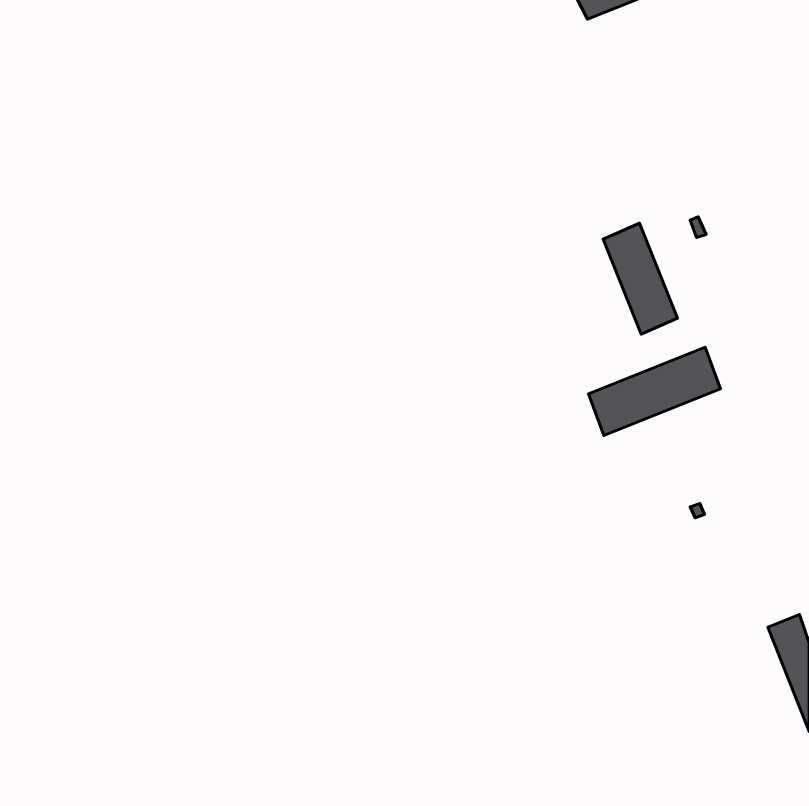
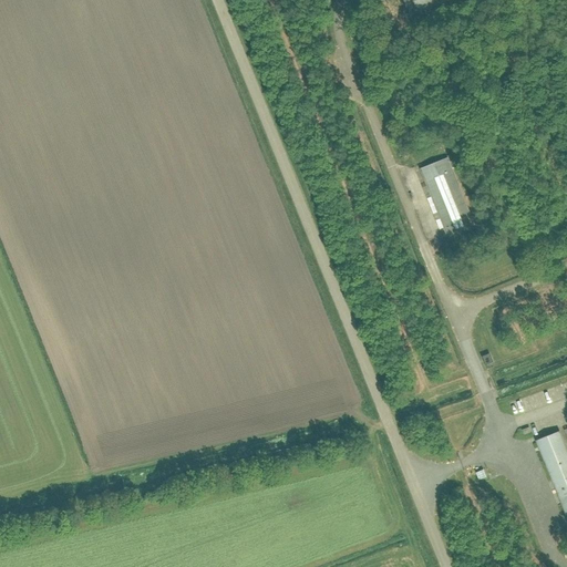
building: [589,347,720,435] -> none

